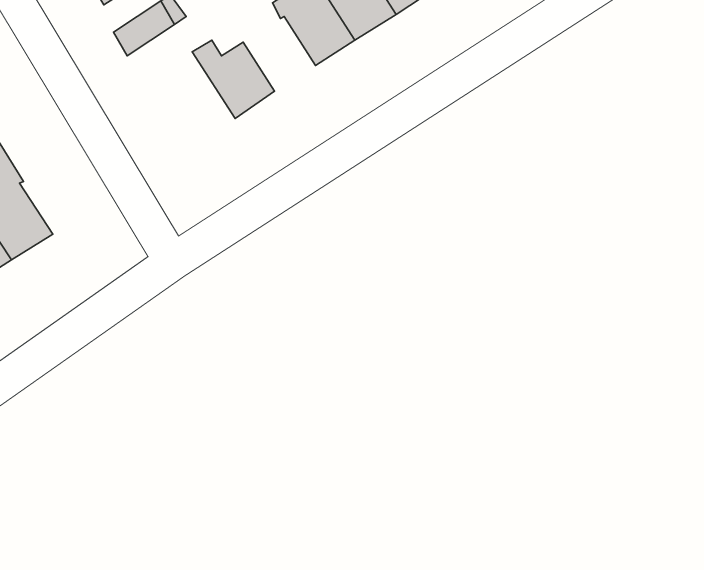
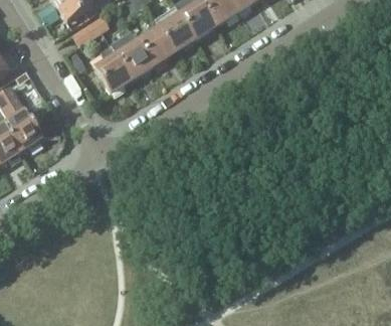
building: none -> [138,27,175,65]
building: none -> [95,45,134,93]

